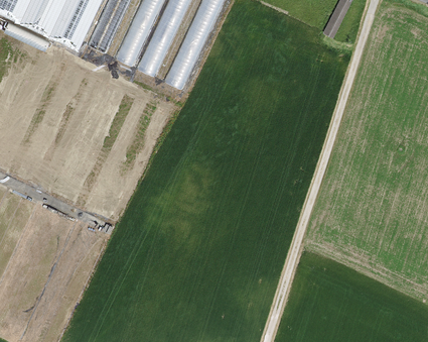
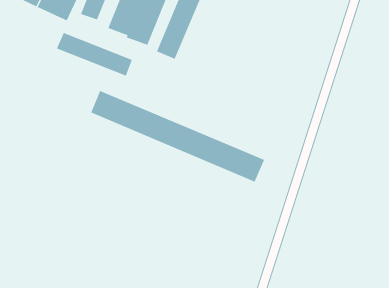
building: none -> [56,32,133,77]
building: none -> [90,90,265,183]

